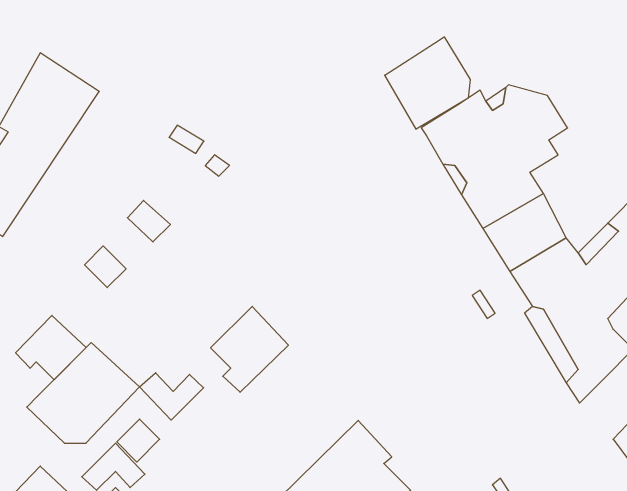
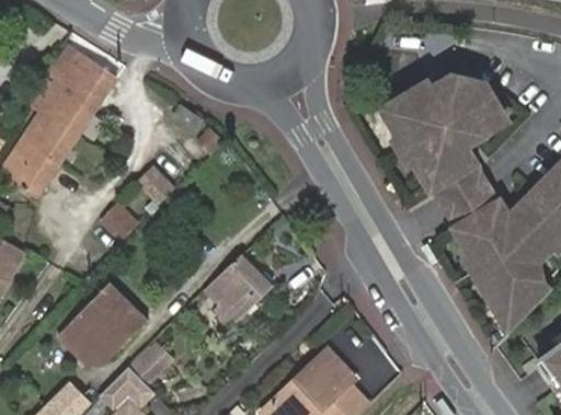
building: [385,37,470,129] -> none
building: [16,315,86,380] -> none
building: [140,373,204,420] -> none

